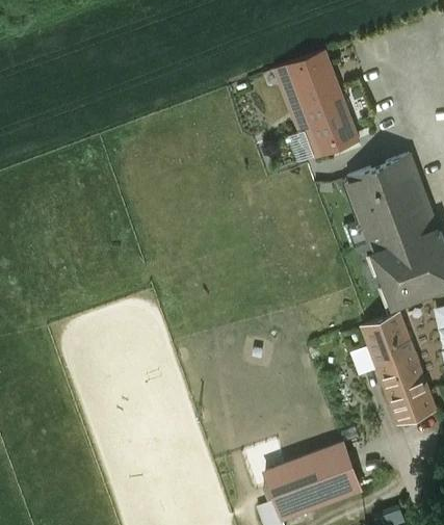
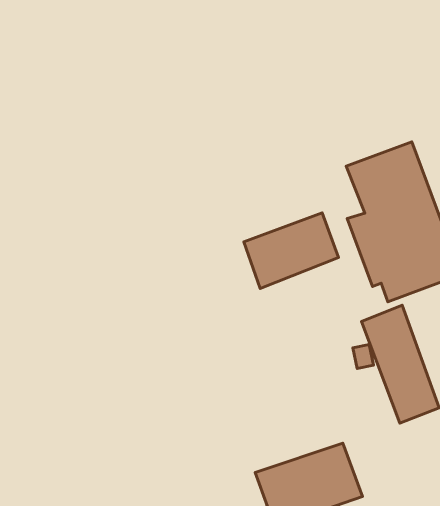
building: [279,53,360,163] -> none
building: none -> [244,213,339,288]

